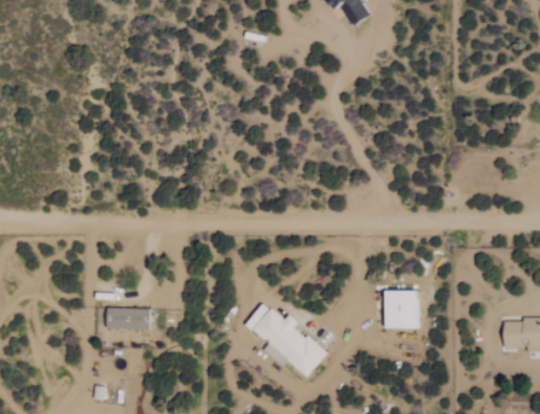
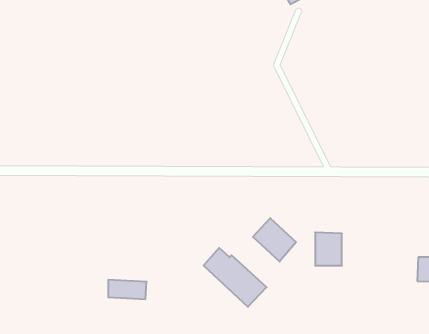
building: none -> [253,218,296,262]
building: [105,307,150,330] -> [108,280,147,299]

